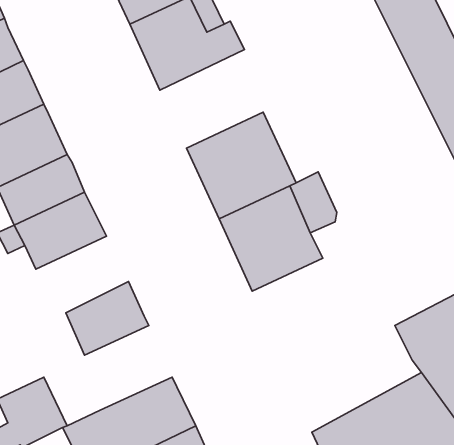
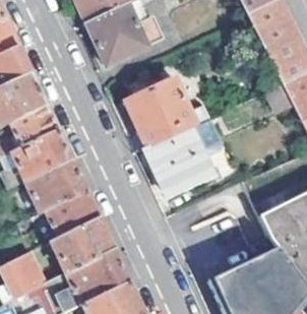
building: none -> [26,161,86,212]
building: none -> [52,218,115,273]

